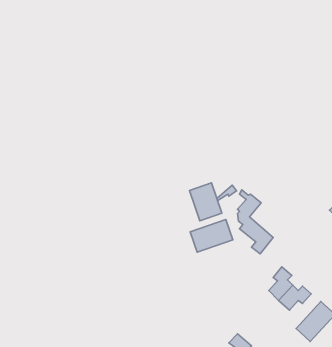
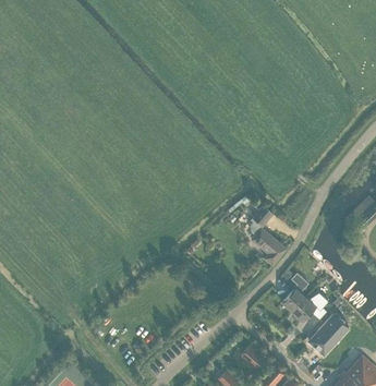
building: [189,183,222,221] -> none
building: [190,220,233,252] -> none

